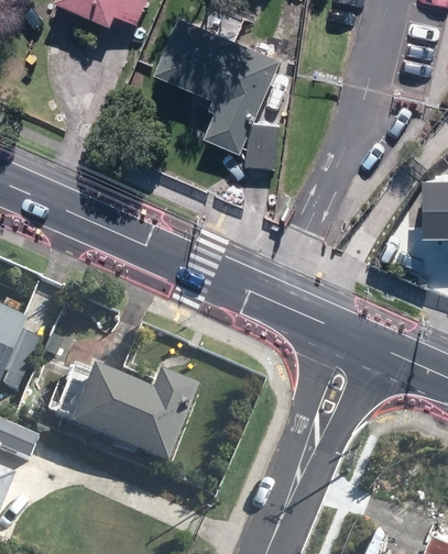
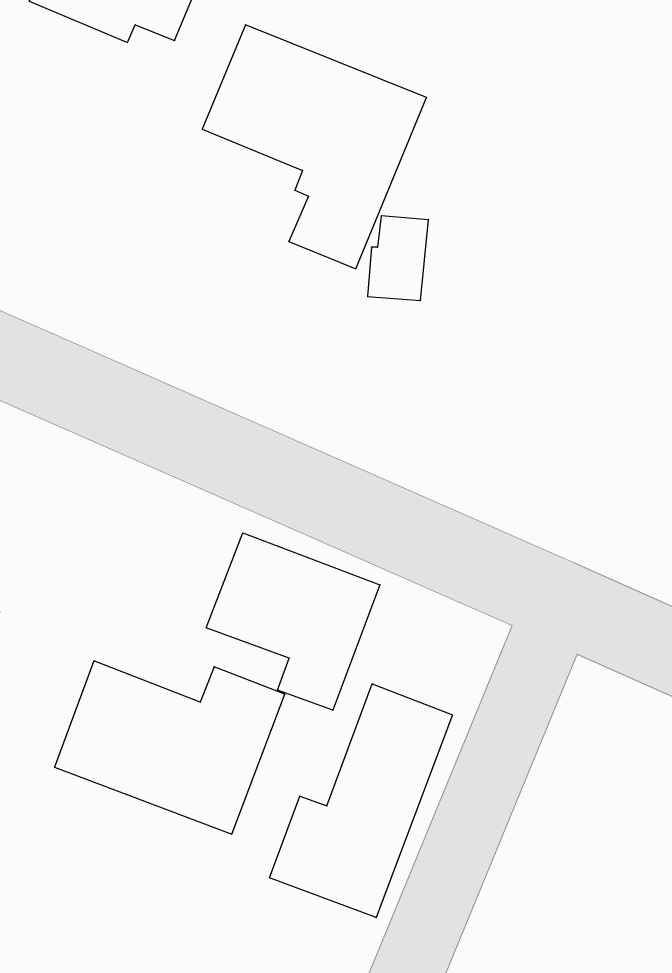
building: none -> [206,533,380,710]
building: none -> [270,684,453,918]

